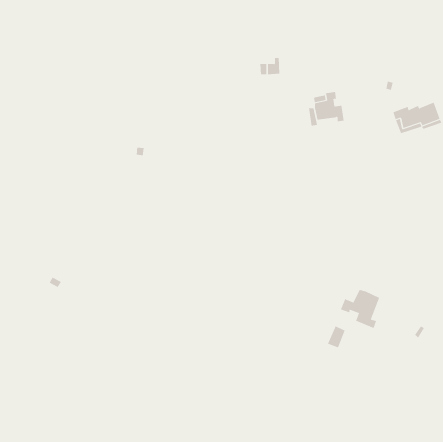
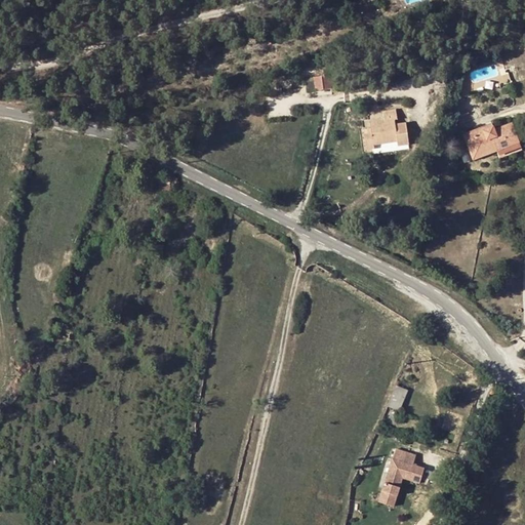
building: [340,289,380,329] -> none
building: none -> [378,454,421,512]

